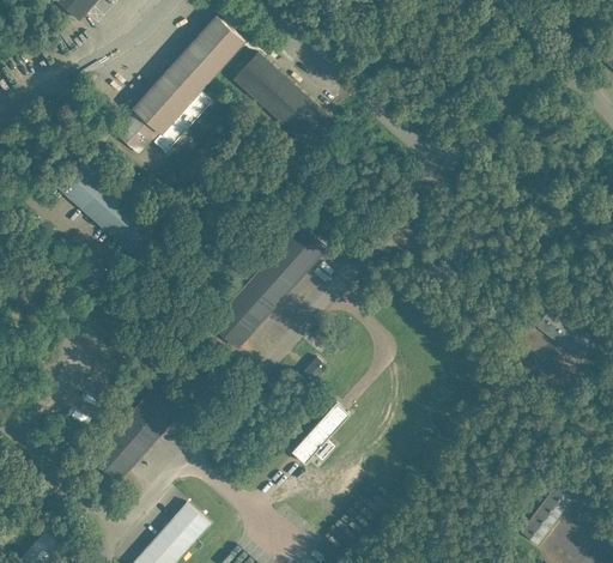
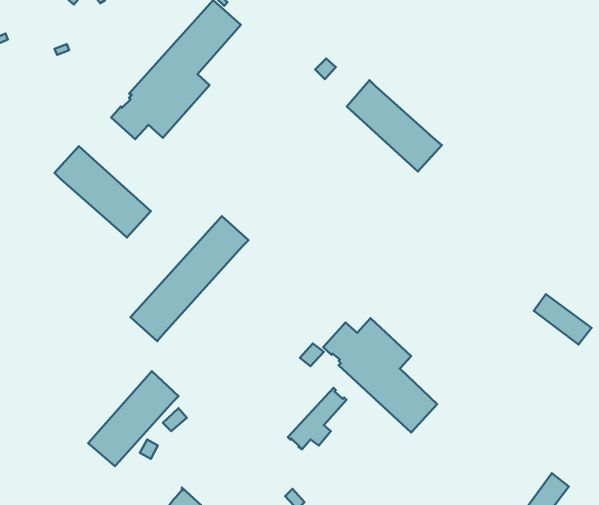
building: [233,53,328,144] -> [347,80,442,172]
building: [210,224,327,349] -> [131,216,248,341]
building: none -> [323,318,437,433]

